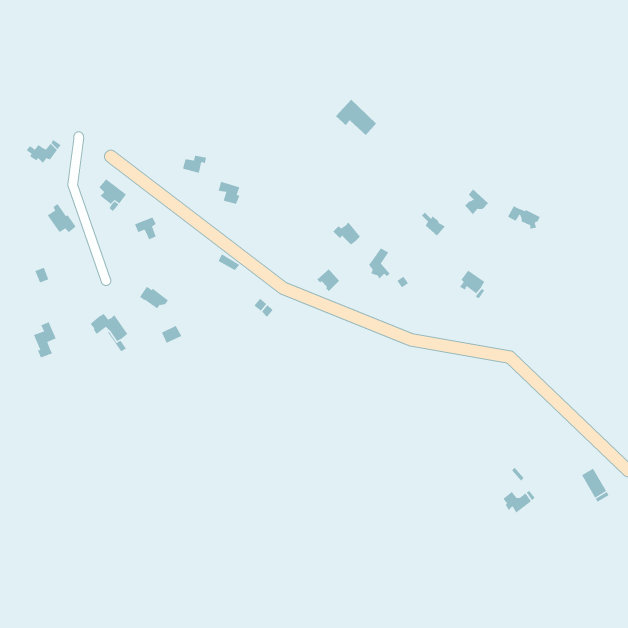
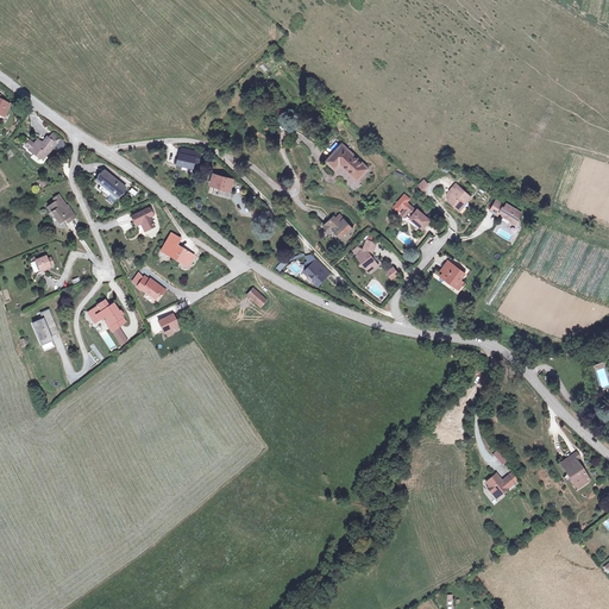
building: [335,99,377,136] -> [325,143,365,178]
building: none -> [157,232,190,265]

